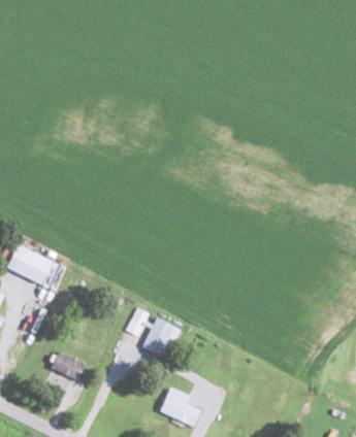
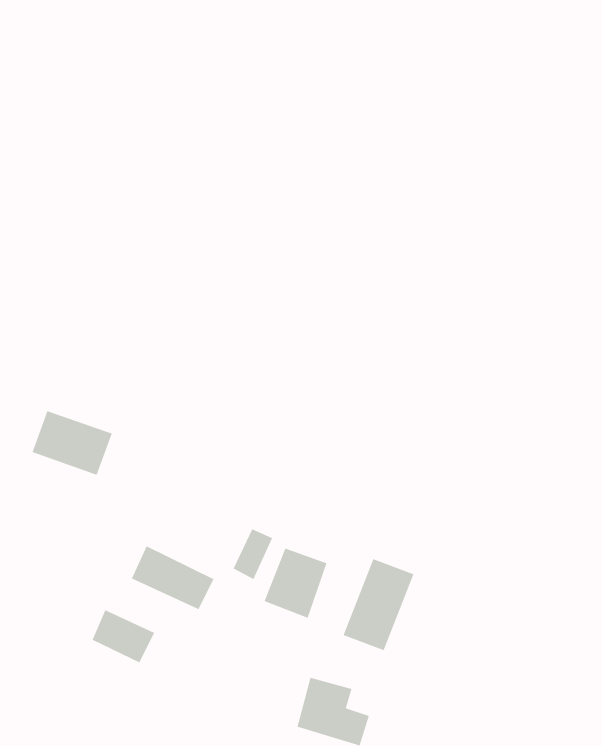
building: none -> [131,545,215,610]
building: none -> [343,558,415,651]

